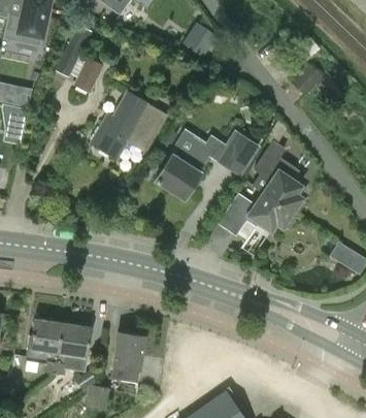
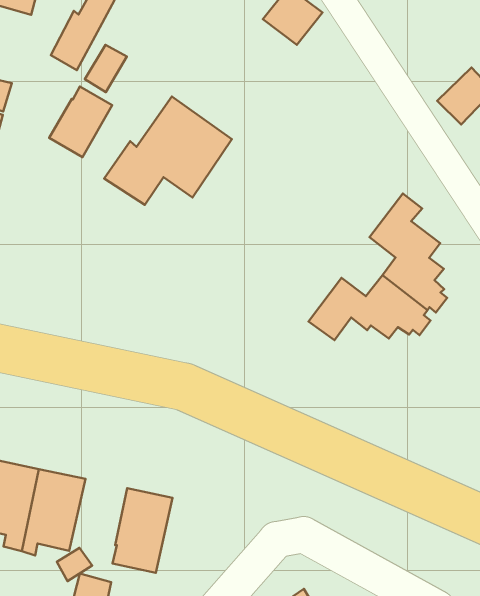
building: none -> [49,87,112,157]
building: [156,131,260,198] -> none

